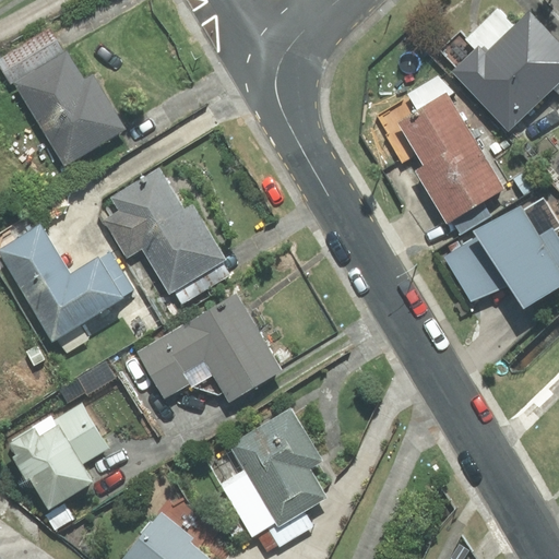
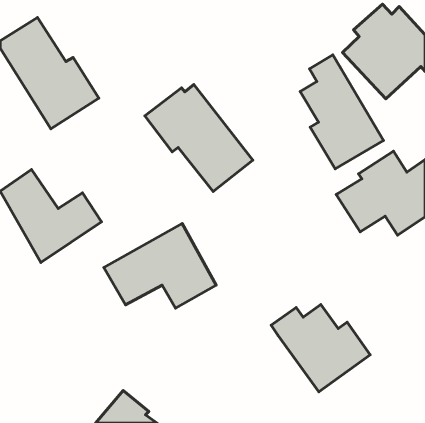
building: [95,169,237,310] -> [145,84,253,192]
building: [4,399,109,513] -> none
building: none -> [271,305,370,392]
building: [204,408,348,549] -> none

